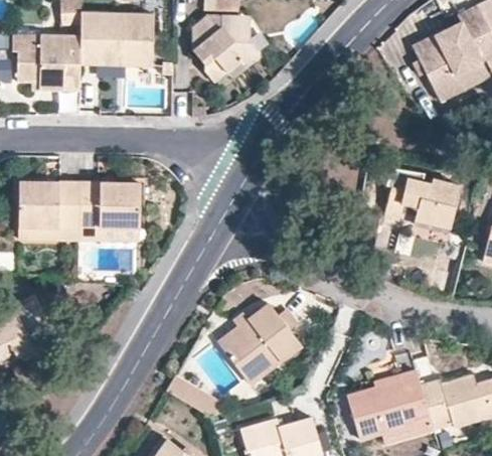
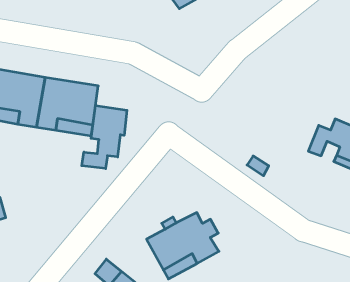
building: none -> [82,105,127,169]

